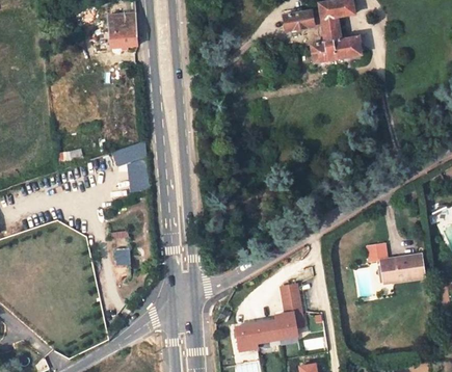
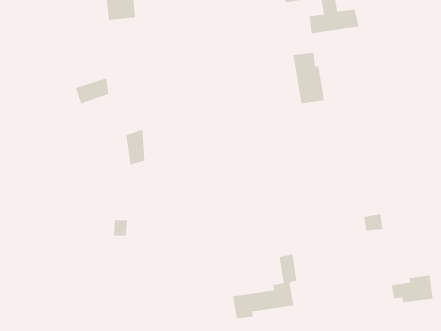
building: none -> [293,52,324,104]
building: [113,140,148,167] -> [75,77,109,104]
building: [381,255,424,283] -> [391,275,433,303]

